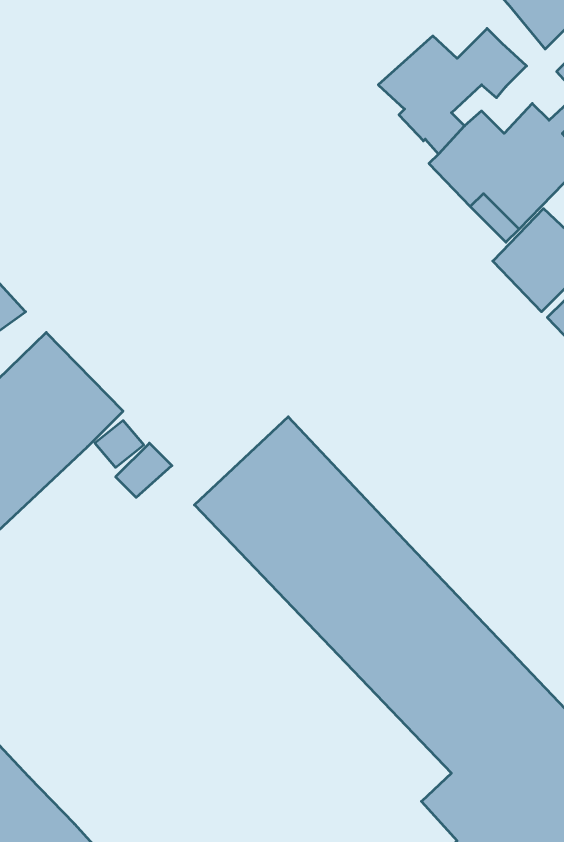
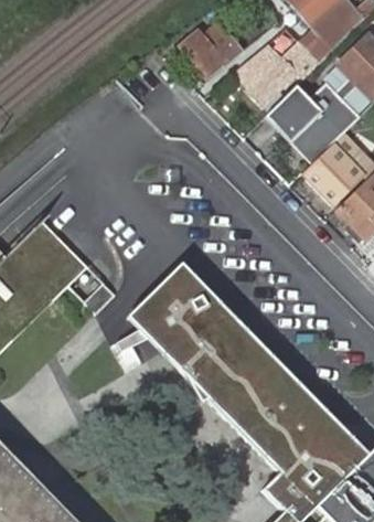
building: none -> [181,25,244,77]

